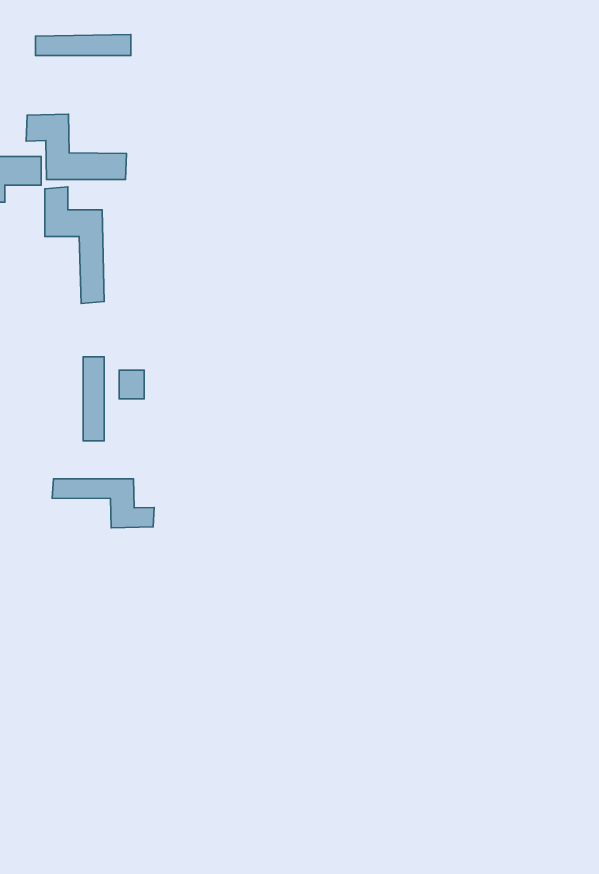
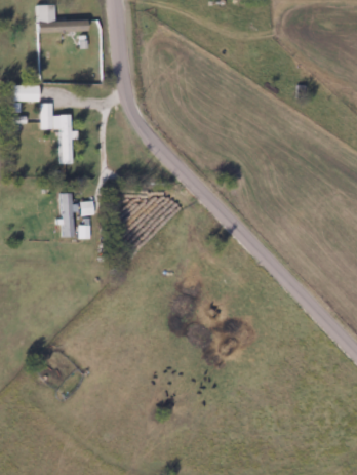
building: [26,114,127,180] -> none
building: [52,479,154,528] -> none

